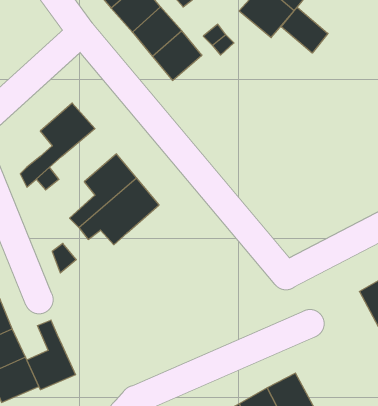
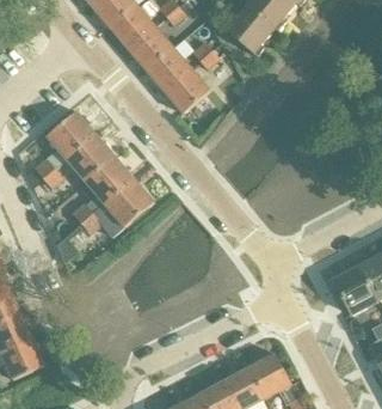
building: [281,7,328,53] -> none
building: none -> [164,68,209,112]
building: none -> [64,134,113,182]
building: [27,320,76,390] -> none

